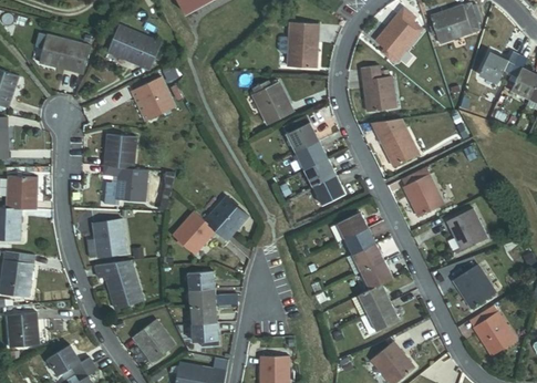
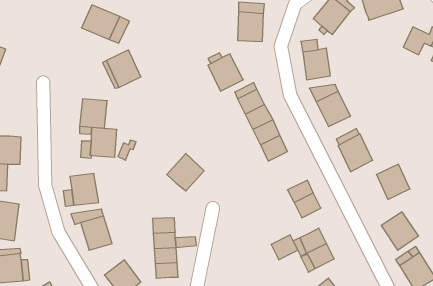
building: [39,34,91,74] -> none
building: [173,211,216,255] -> none
building: [337,213,368,239] -> none
building: [361,260,392,289] -> [271,235,298,260]

